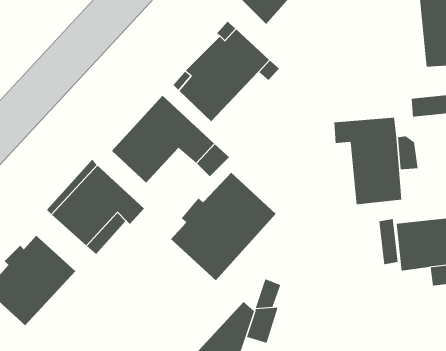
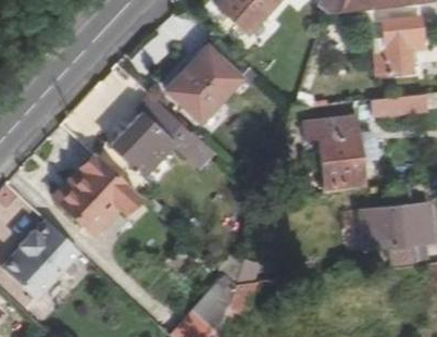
building: [170,172,277,281] -> none

